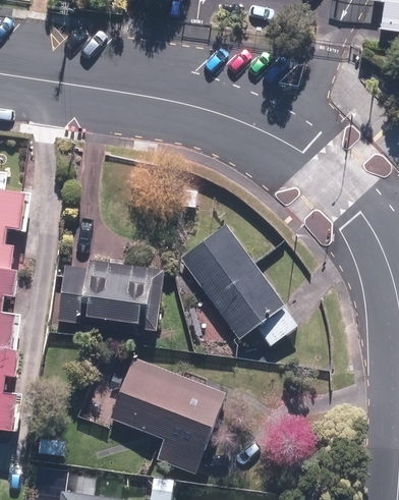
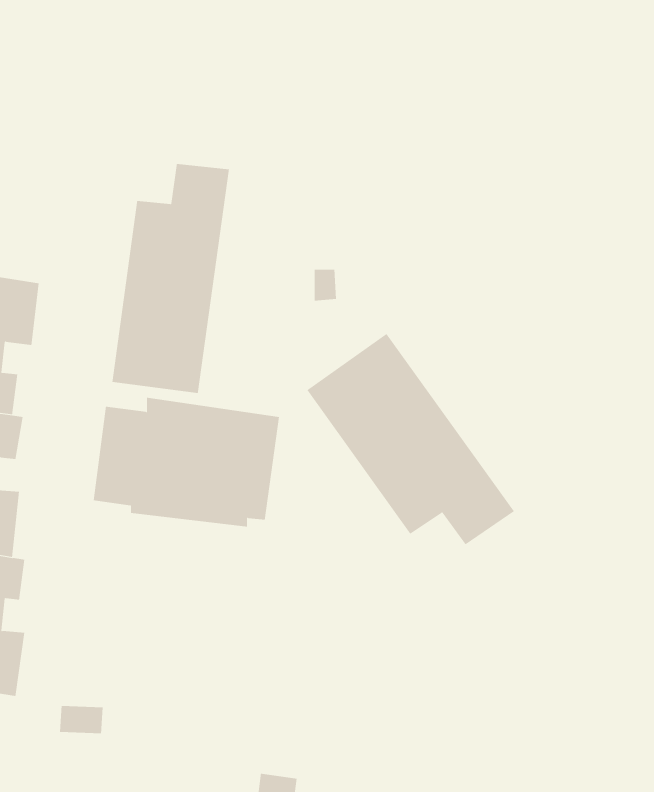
building: none -> [112,163,230,394]
building: [109,356,226,473] -> none

